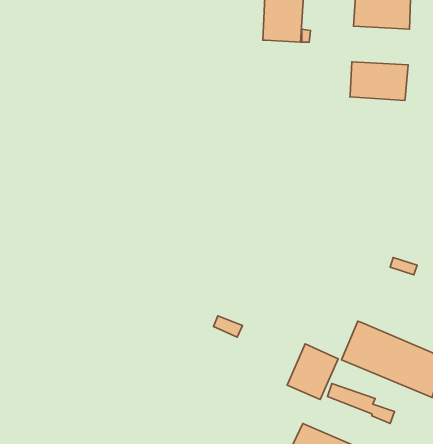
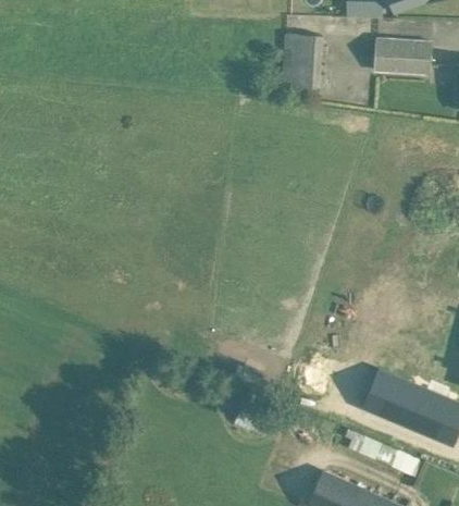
building: [350,62,408,101] -> none
building: [287,344,338,399] -> none

